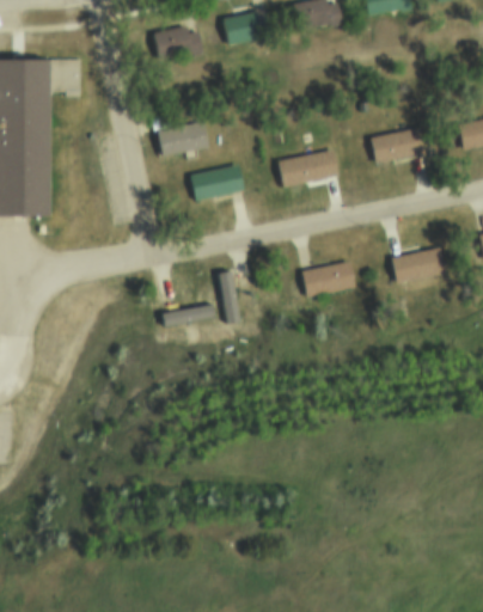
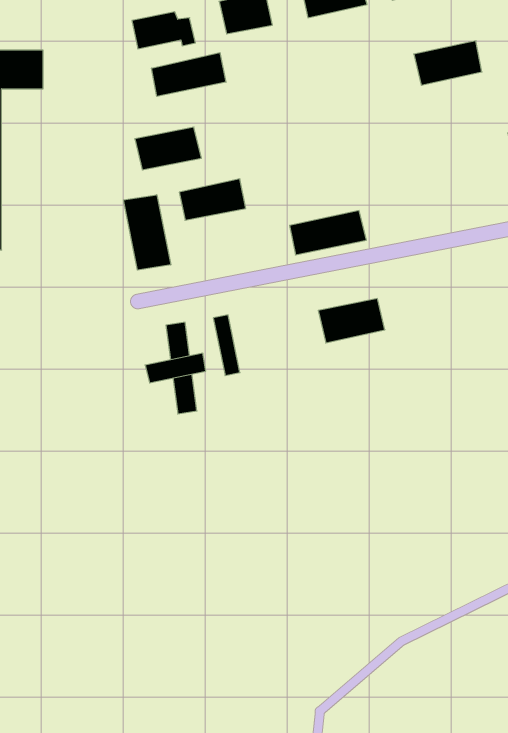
building: none -> [152,53,226,96]
building: [371,127,426,163] -> [414,41,482,85]
building: [277,148,340,184] -> [290,211,366,255]
building: none -> [124,195,171,270]
building: [391,246,447,282] -> none

